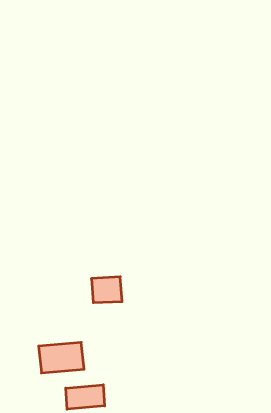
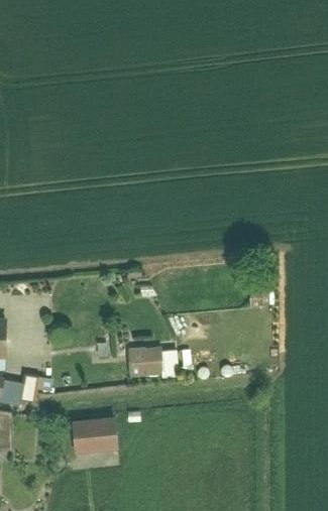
building: [66,385,105,409] -> none

